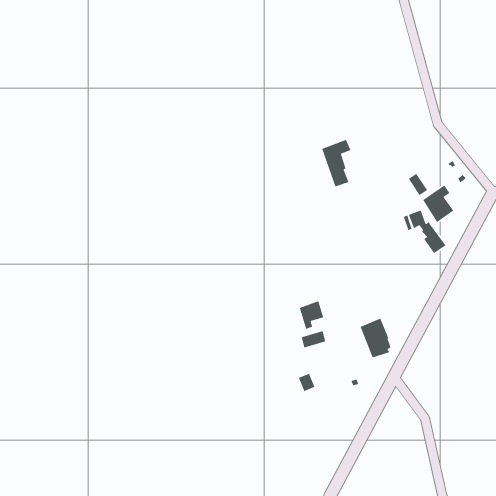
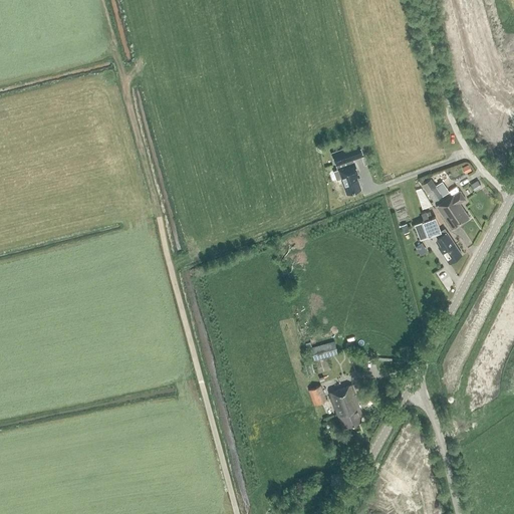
building: [299,300,324,330] -> none
building: [360,318,392,358] -> [329,384,362,427]

